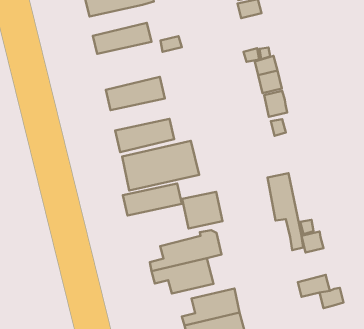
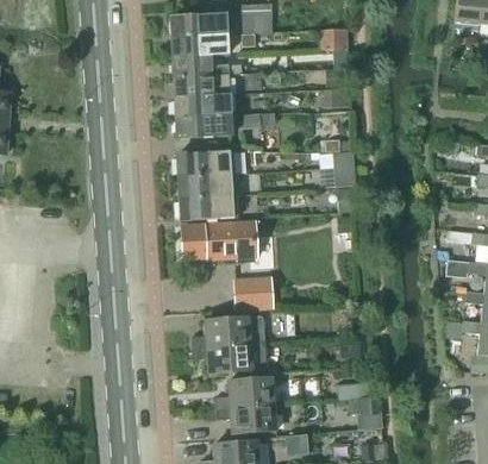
building: none -> [174,75,231,98]
building: none -> [175,114,233,137]
building: [267,173,303,250] -> none
building: [123,183,182,216] -> [179,174,237,197]

